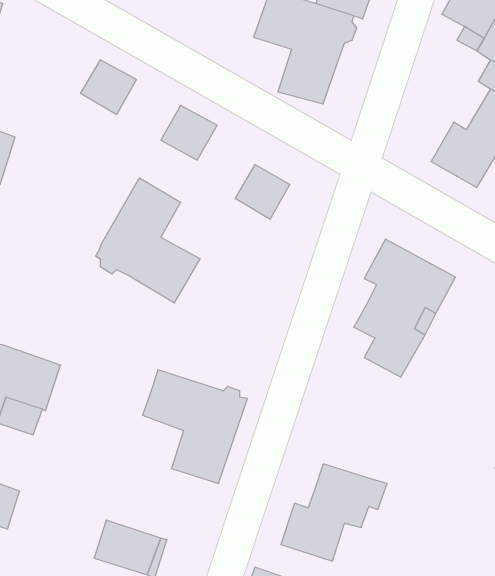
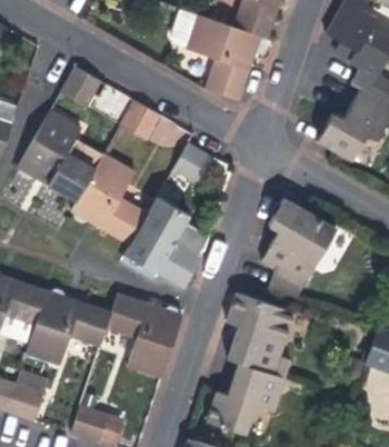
building: none -> [17,110,102,201]
building: none -> [124,196,201,288]
building: none -> [26,288,111,362]
building: none -> [226,292,285,374]
building: none -> [7,370,48,419]

